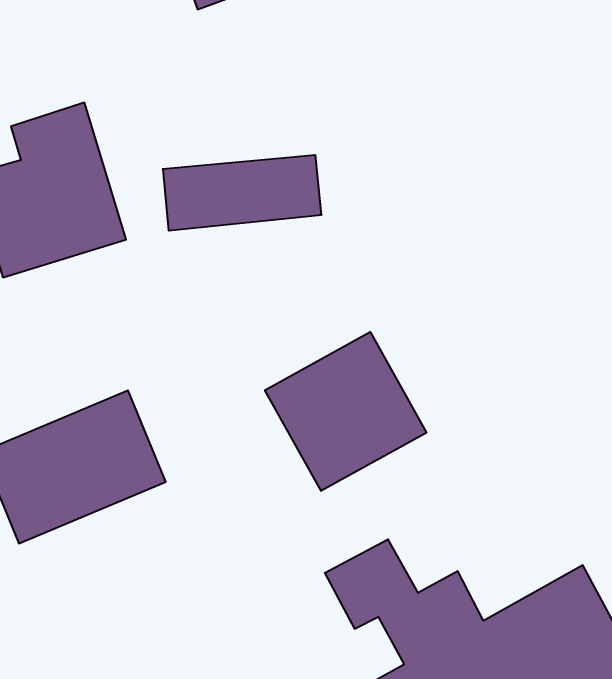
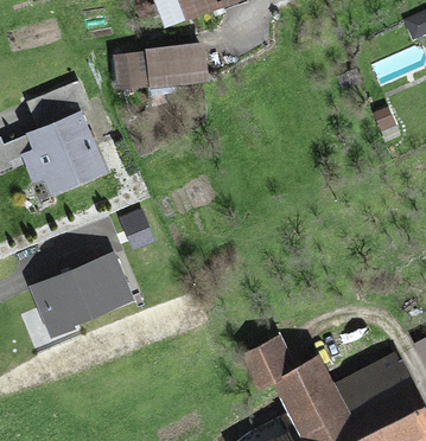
building: [163,155,322,231] -> [115,46,210,91]
building: [265,332,426,491] -> none

